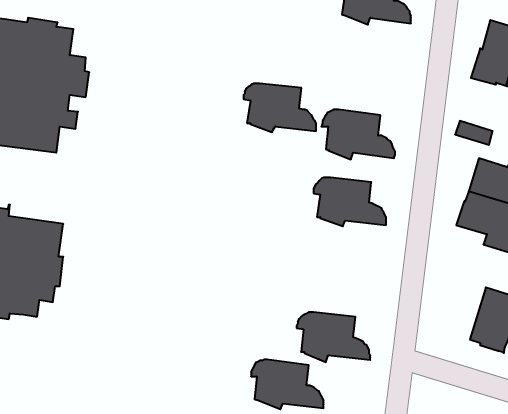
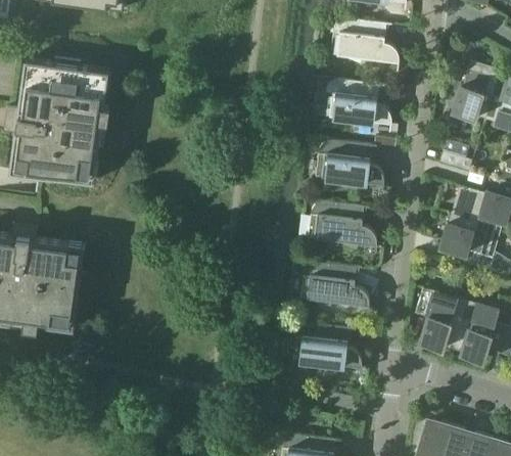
building: [244,83,316,132] -> [327,82,392,126]
building: none -> [417,288,467,350]
building: [251,359,324,409] -> [305,264,370,309]

